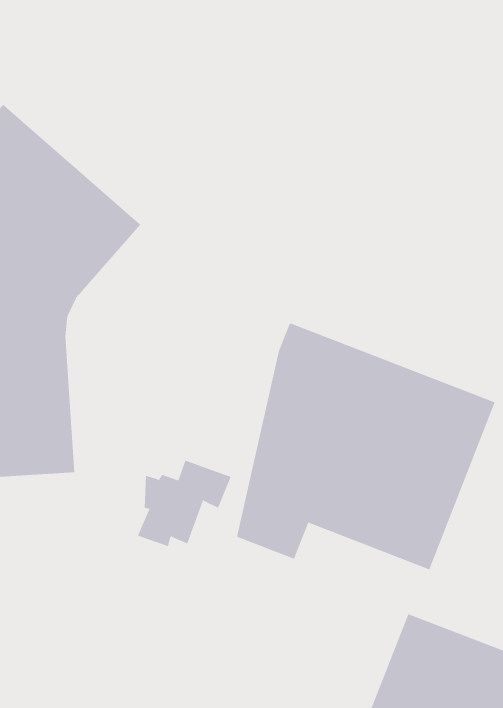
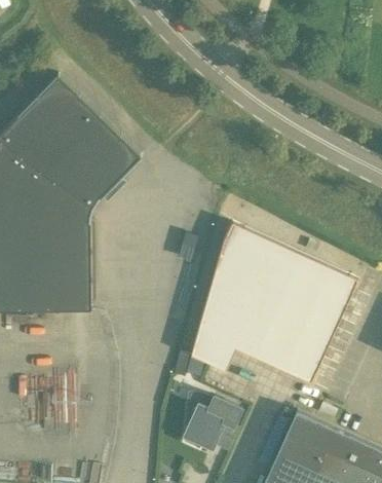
building: [137,460,231,547] -> [180,398,241,452]

